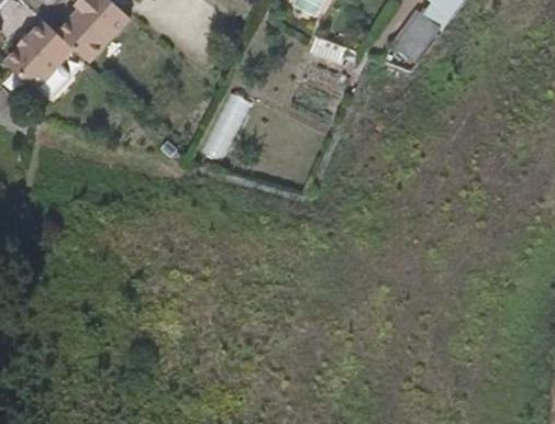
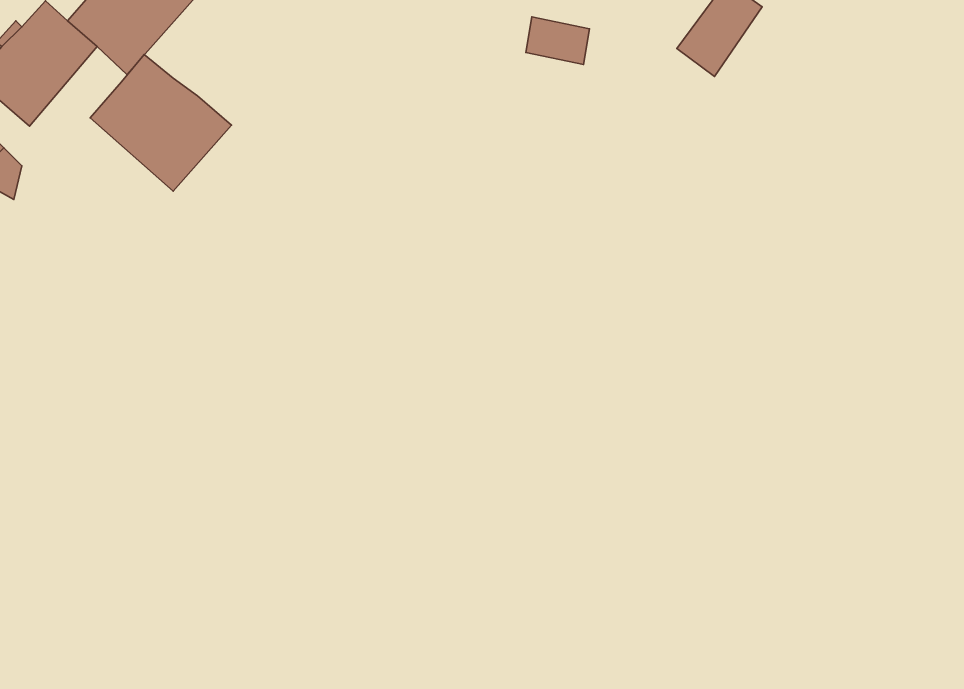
building: none -> [90,55,231,191]

